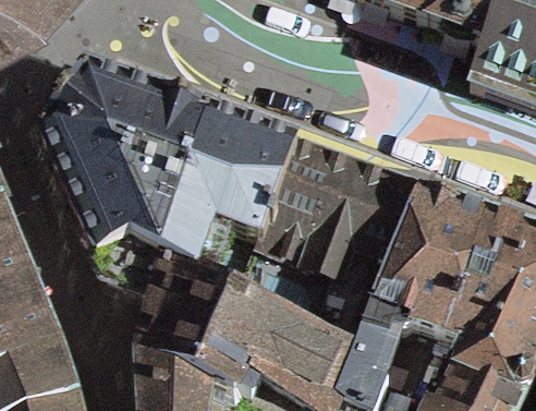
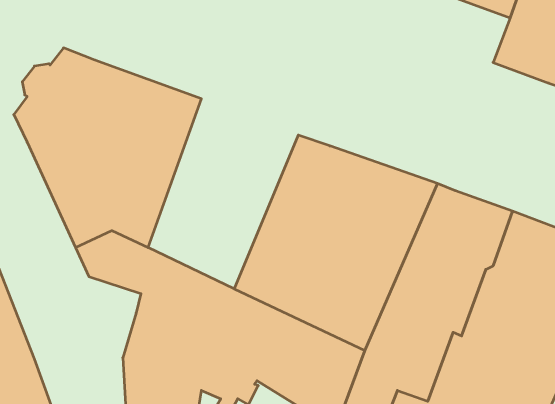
building: [166,110,301,281] -> none

